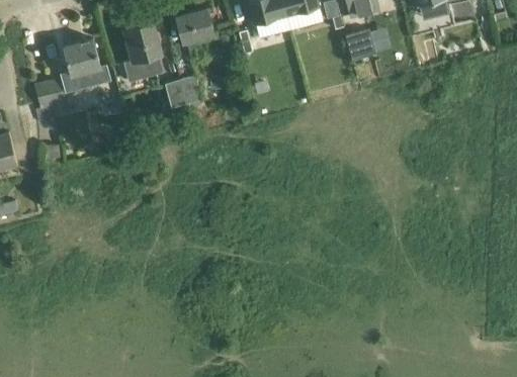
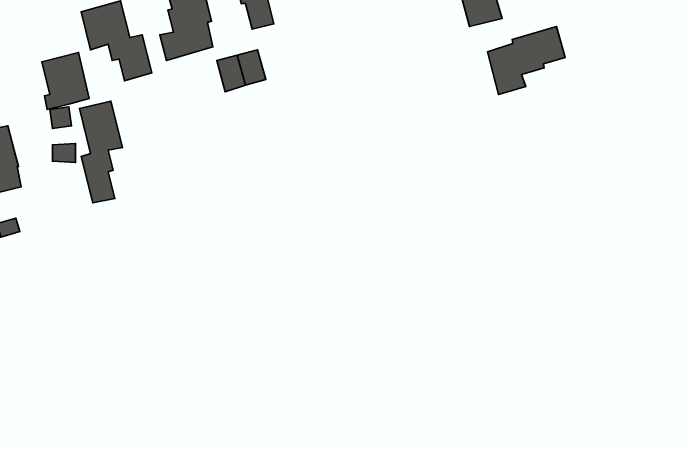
building: none -> [488,26,565,95]
building: none -> [80,101,122,203]

